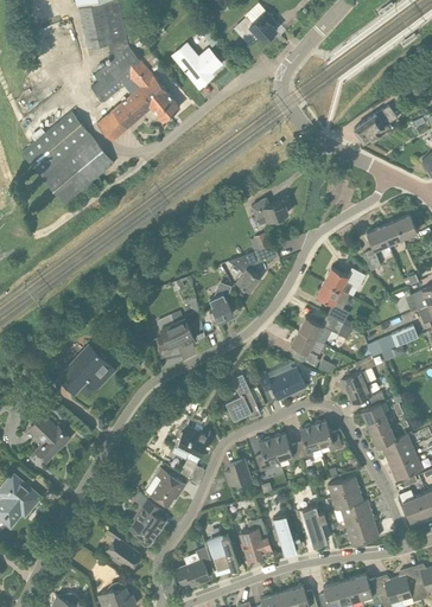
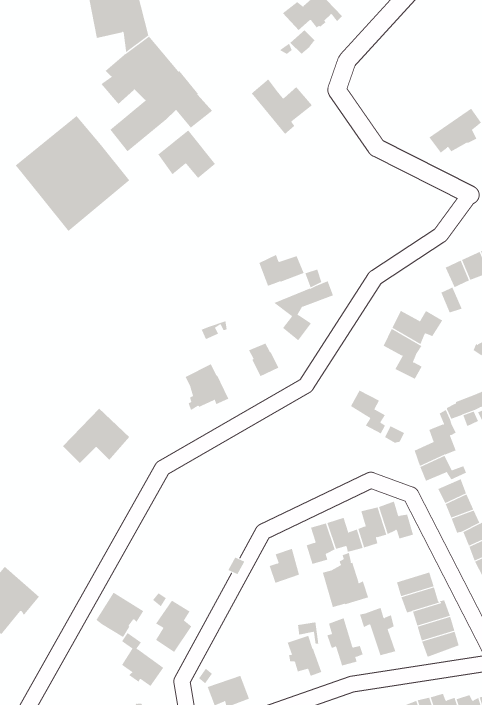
building: [172,41,222,87] -> [251,79,313,135]
building: none -> [157,130,216,179]
building: [252,198,288,224] -> [259,254,304,287]
building: [298,314,351,339] -> none
building: [259,368,305,398] -> none
building: [225,373,261,420] -> none
building: [30,415,70,459] -> none
building: [172,427,209,475] -> none
building: none -> [322,552,369,608]
building: [146,468,185,505] -> [95,592,144,638]
building: [209,533,239,575] -> none

